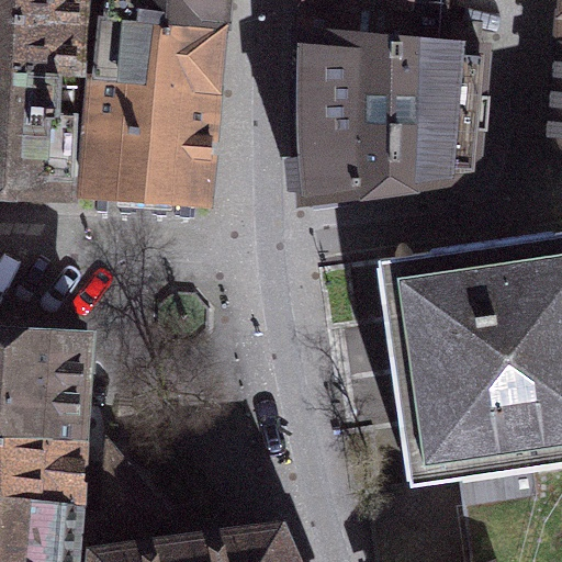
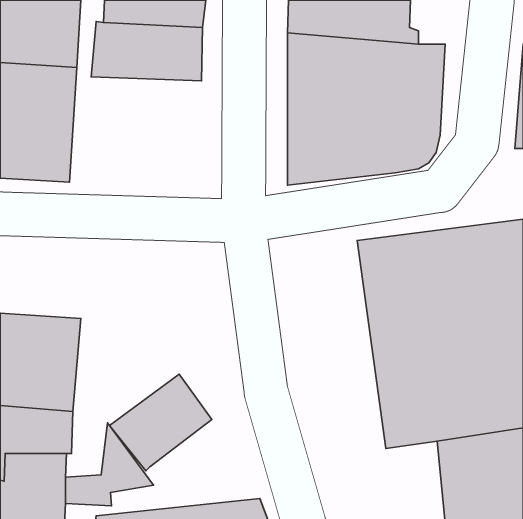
building: [92,87,216,204] -> none
building: none -> [110,374,212,471]

